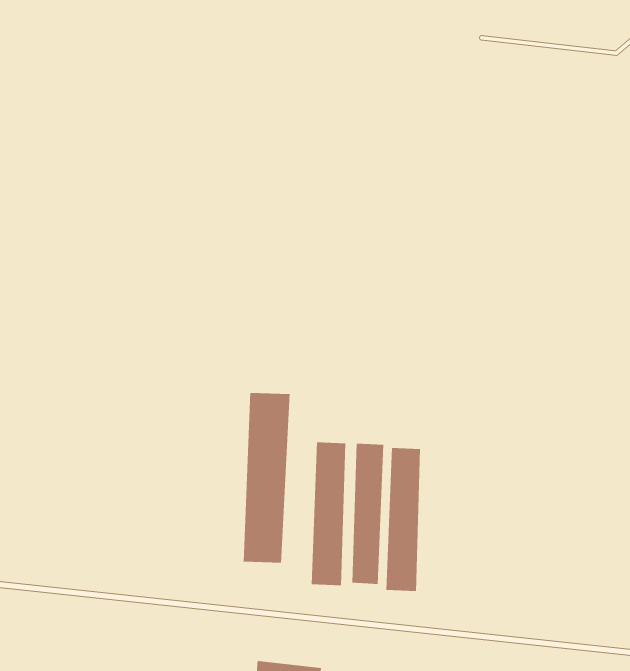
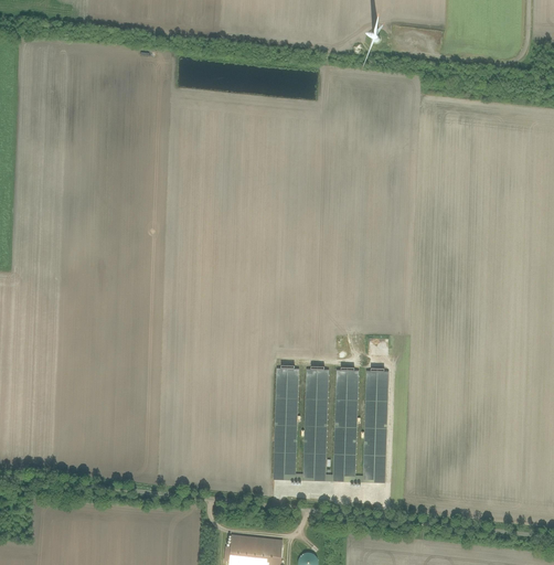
building: [243,392,290,563] -> none
building: none -> [362,372,387,482]

